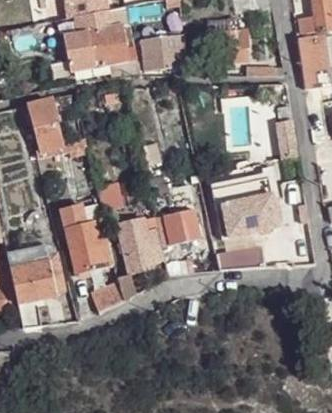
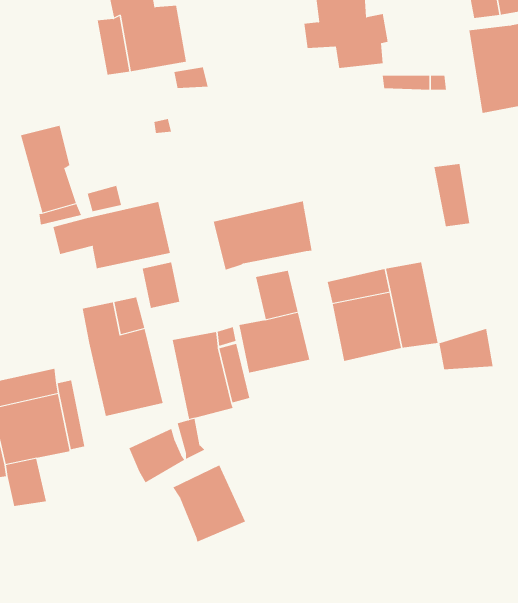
building: [140,35,185,71] -> none
building: none -> [213,201,312,270]
building: none -> [53,201,171,269]
building: [214,246,261,269] -> none
building: none -> [172,464,246,542]

